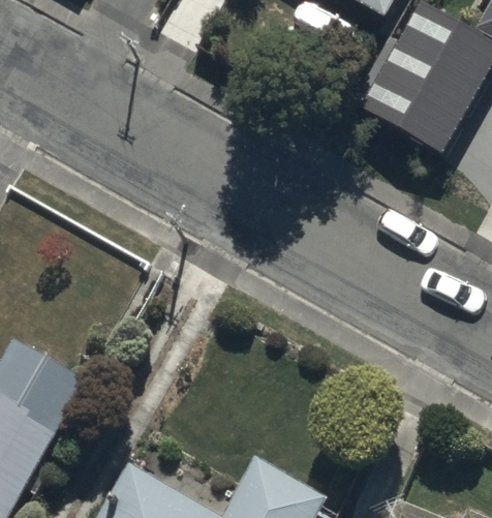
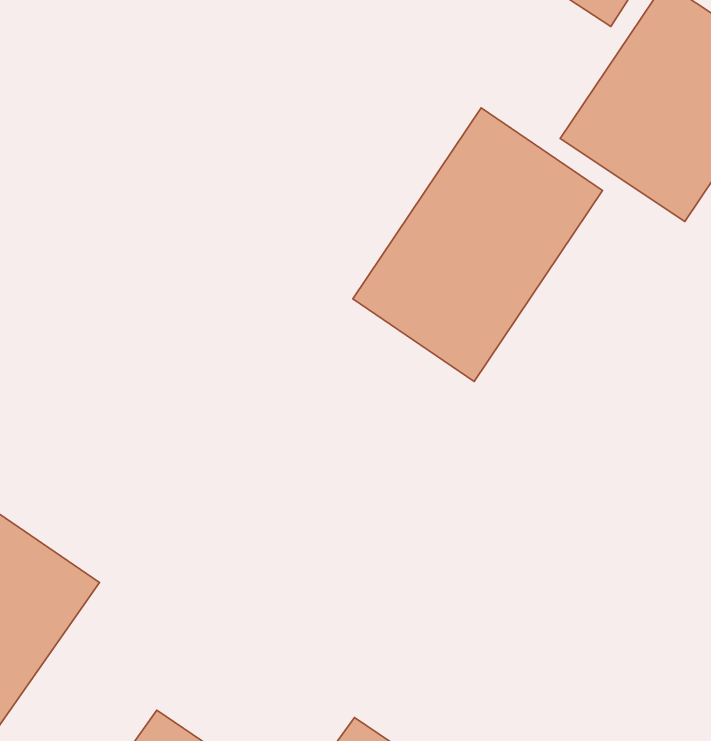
building: none -> [353,108,602,381]

